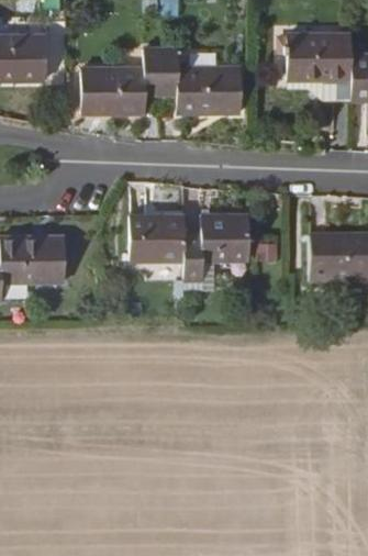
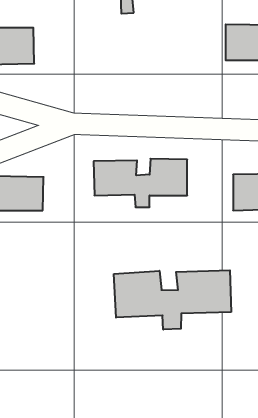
building: [82,51,244,116] -> none
building: none -> [114,270,231,330]

